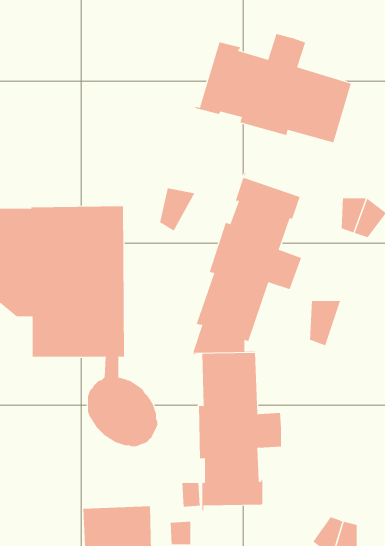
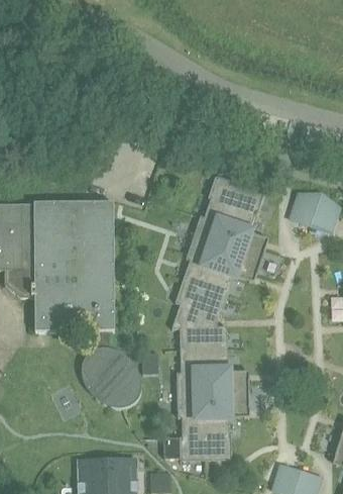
building: [195,33,351,154] -> none
building: [160,188,195,231] -> none
building: [309,300,341,346] -> none

